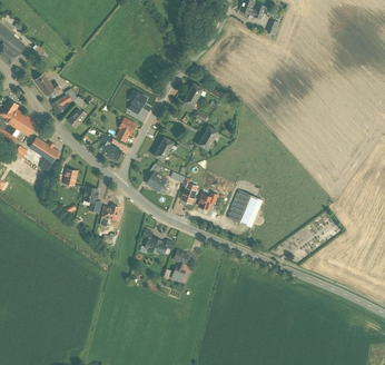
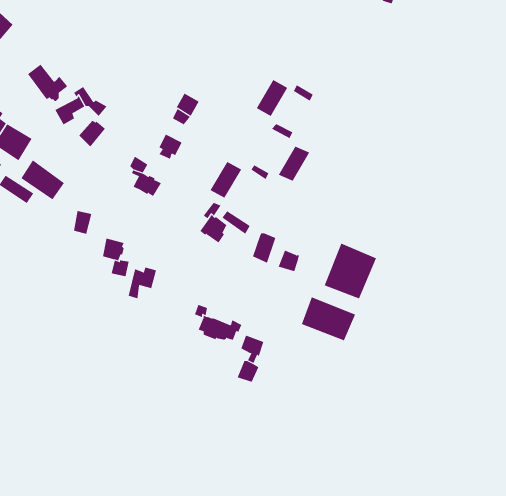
building: none -> [301,296,356,341]

